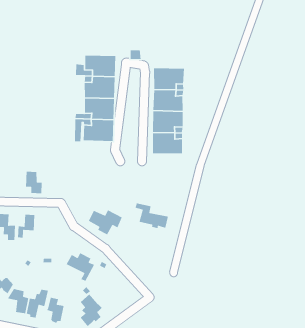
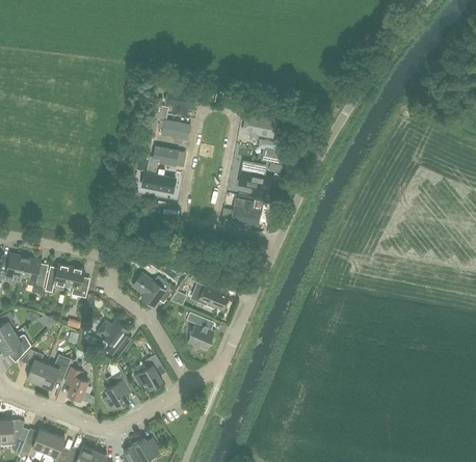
building: [25,171,43,194] -> [65,267,87,298]
building: none -> [185,312,213,350]
building: none -> [133,354,161,389]

